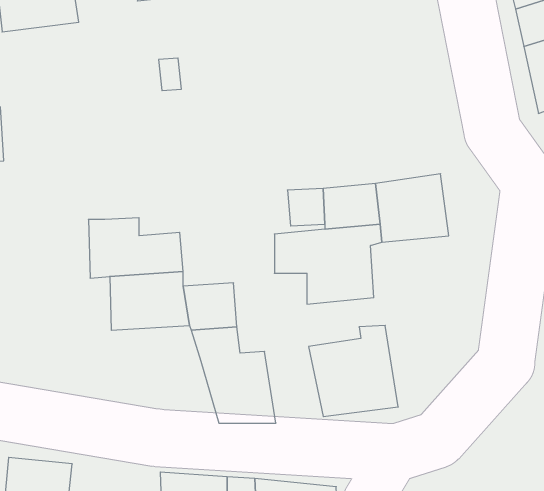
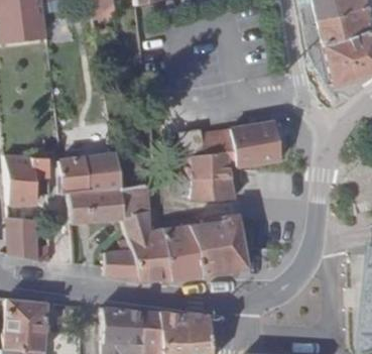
building: none -> [6,145,47,211]
building: none -> [10,221,38,263]
building: none -> [165,230,202,277]
building: none -> [104,239,137,277]

